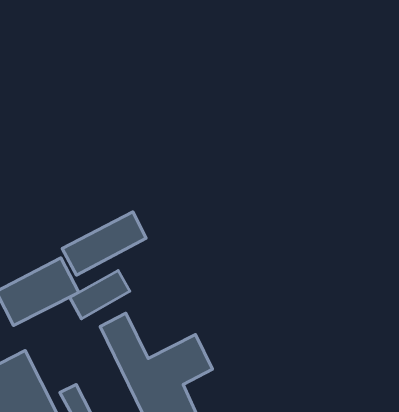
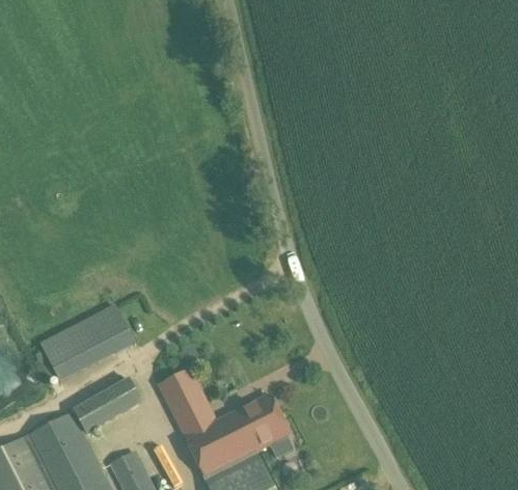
building: [62,212,146,275] -> none
building: [70,271,130,319] -> [71,378,140,434]

